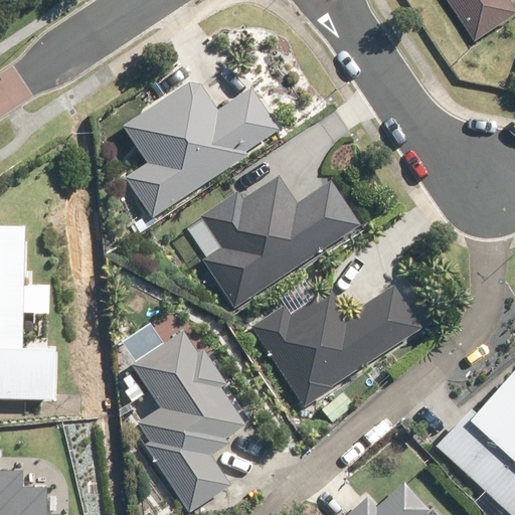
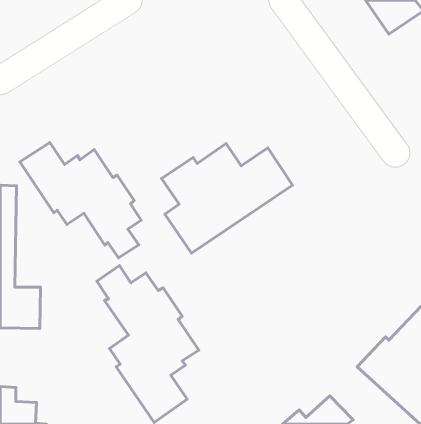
building: [122,81,278,217] -> none
building: none -> [20,142,141,258]
building: [251,285,420,406] -> none

